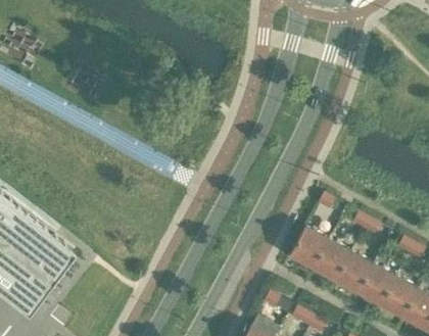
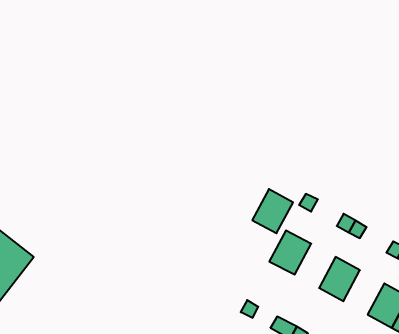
building: [314,240,351,281] -> [252,189,293,233]
building: [359,265,396,305] -> none

